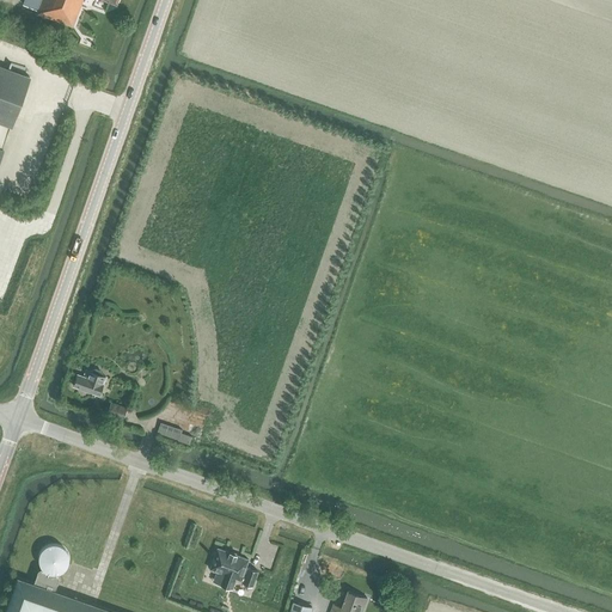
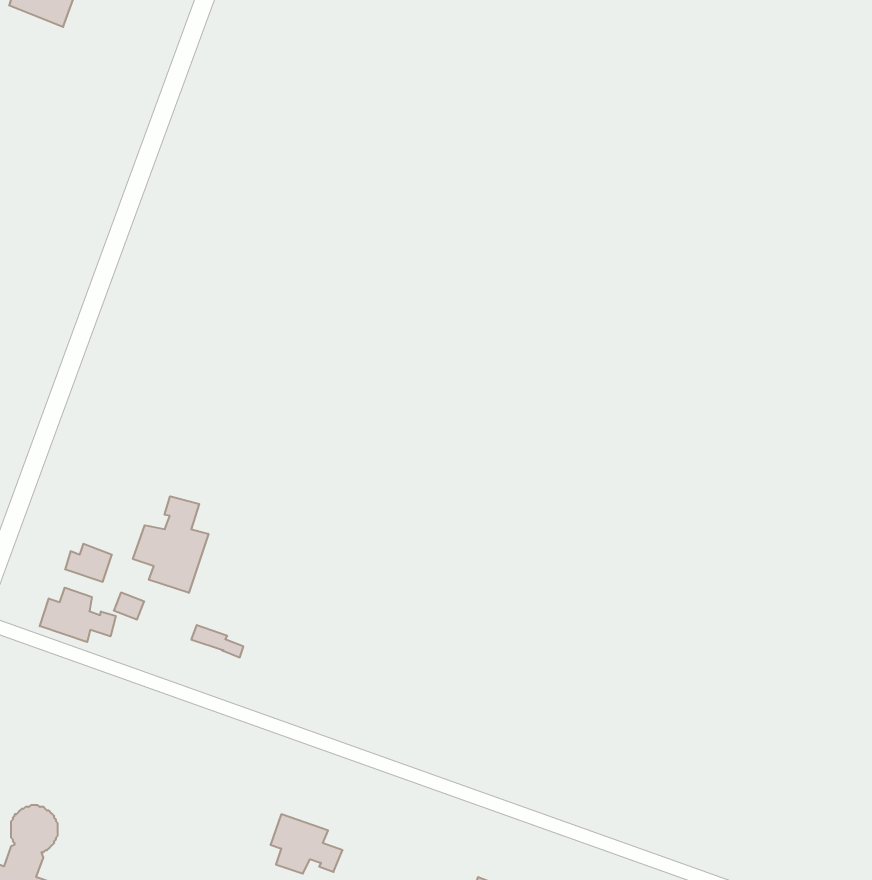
building: none -> [133,496,208,593]
building: none -> [40,588,116,642]

